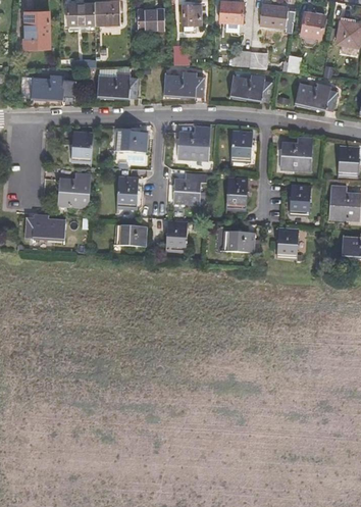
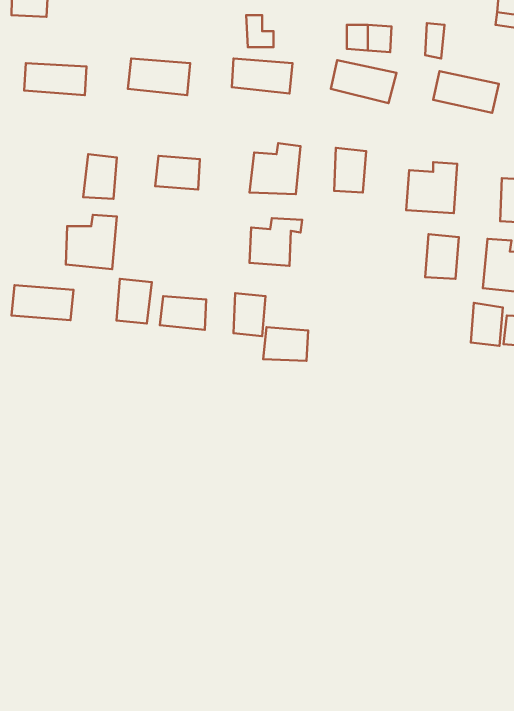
building: [116,176,139,205] -> [117,279,152,324]
building: [225,180,247,208] -> none
building: [222,230,251,251] -> [263,327,308,361]
building: [275,230,296,257] -> [471,303,503,346]

